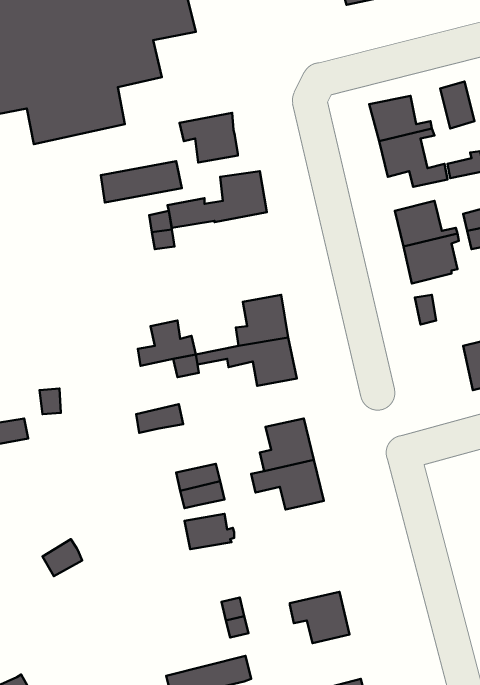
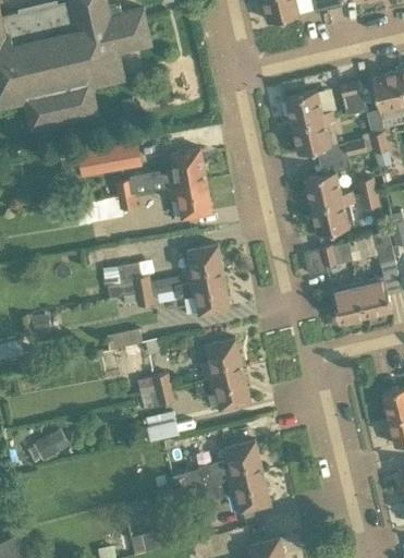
building: [180,113,238,163] -> [167,182,211,220]
building: none -> [331,284,365,325]
building: none -> [199,441,262,488]

